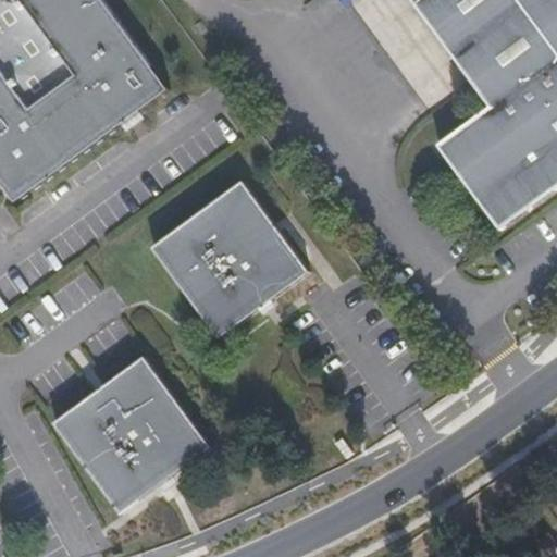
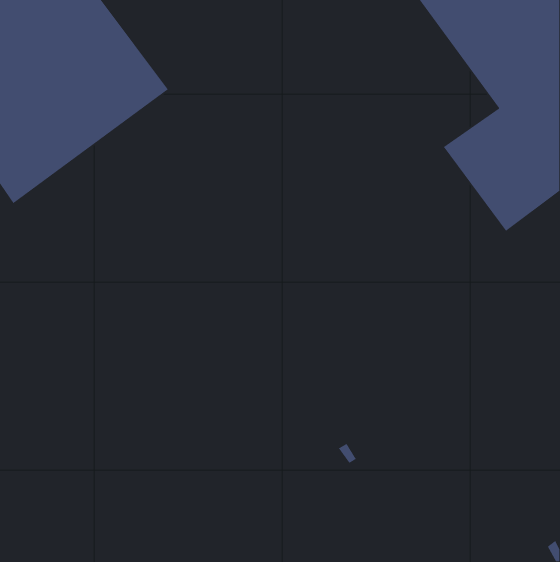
building: [151,180,307,337] -> none
building: [53,356,210,511] -> none

